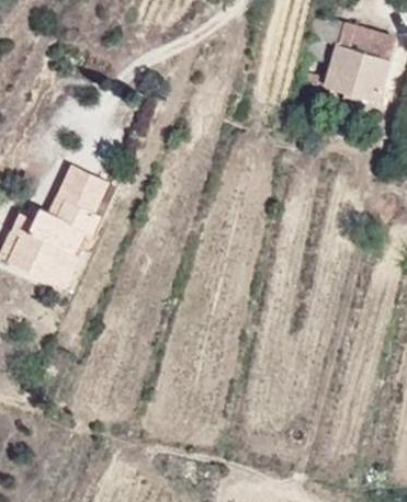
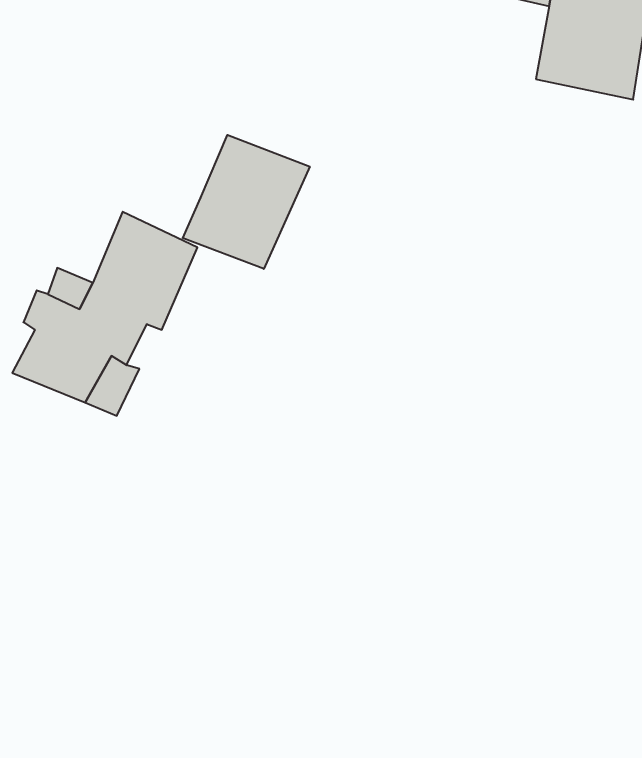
building: none -> [183,135,310,269]

